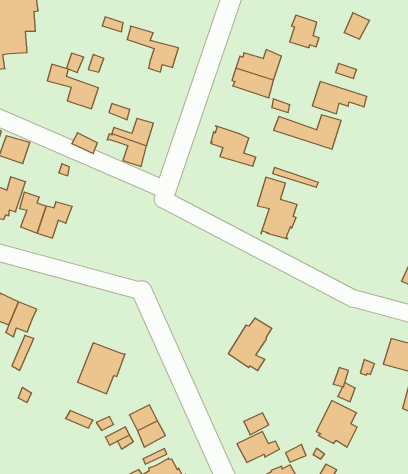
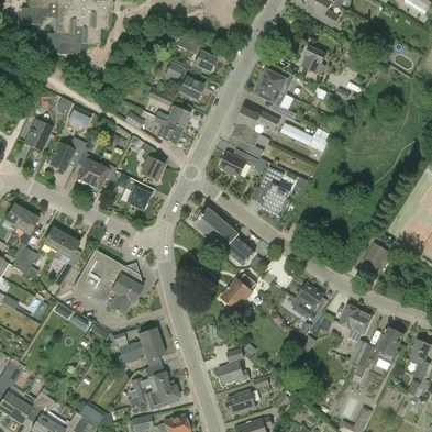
building: [47,64,98,109] -> [165,63,203,101]
building: [312,82,367,114] -> [236,104,279,131]
building: none -> [220,153,258,176]
building: none -> [141,143,164,181]
building: none -> [115,173,149,210]
building: none -> [195,208,254,264]
building: none -> [74,250,141,303]
building: [316,401,357,447] -> [291,283,324,320]

